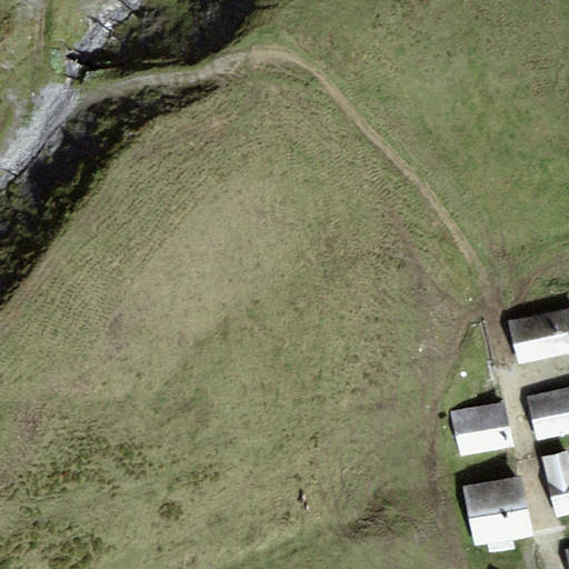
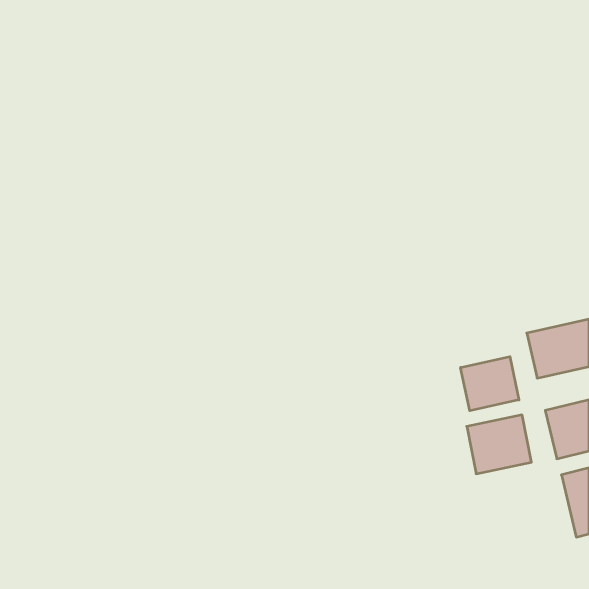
building: none -> [461,357,519,411]
building: [462,476,533,548] -> none

